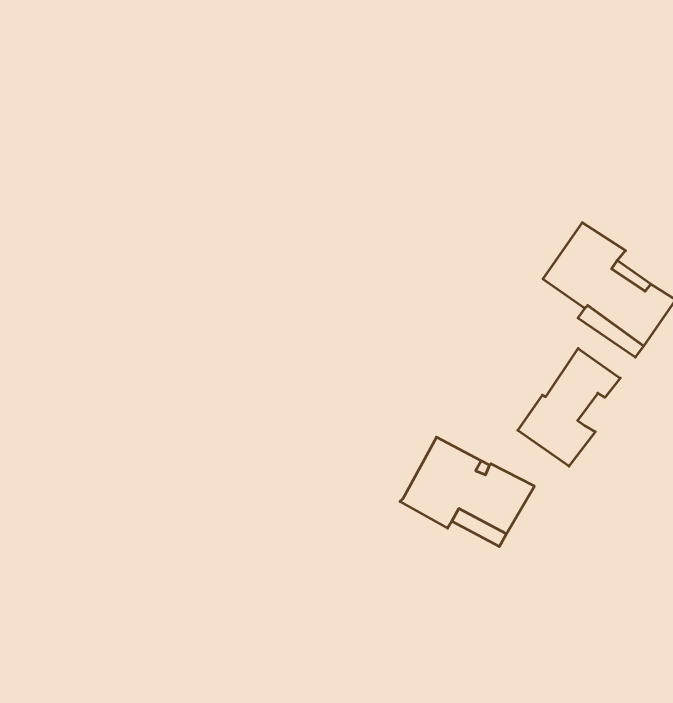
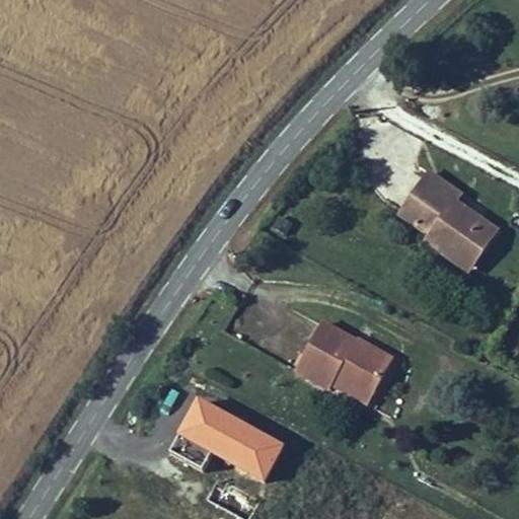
building: [518,348,620,466] -> none
building: none -> [173,405,283,492]

